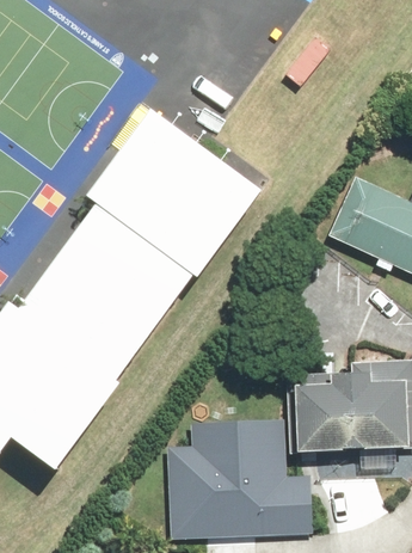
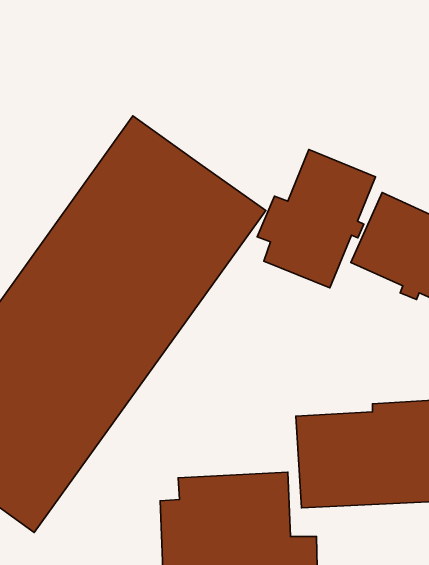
building: none -> [257,149,376,288]

